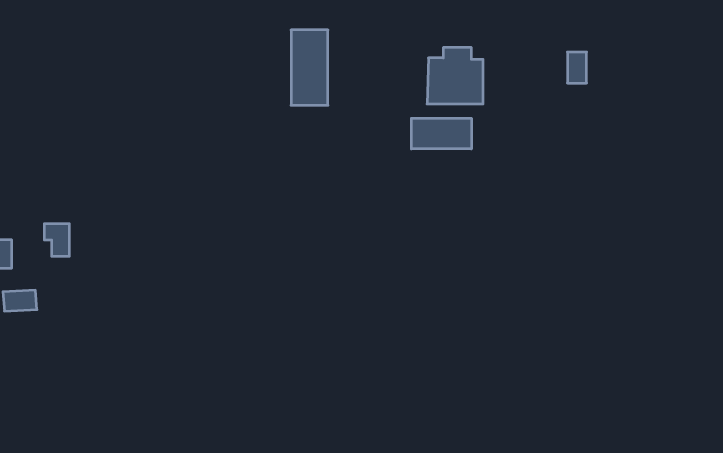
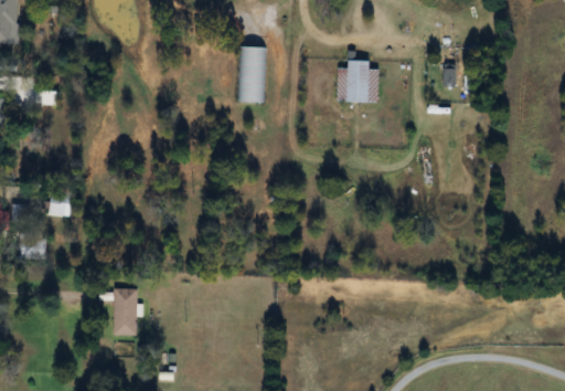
building: [411,118,471,149] -> none
building: none -> [114,289,136,336]

